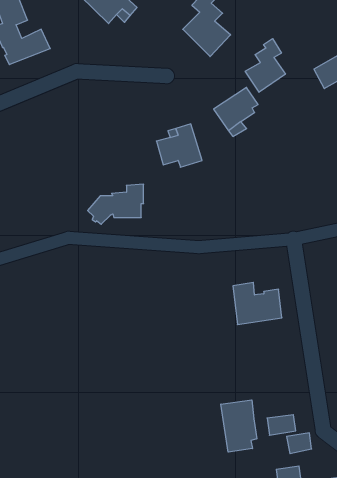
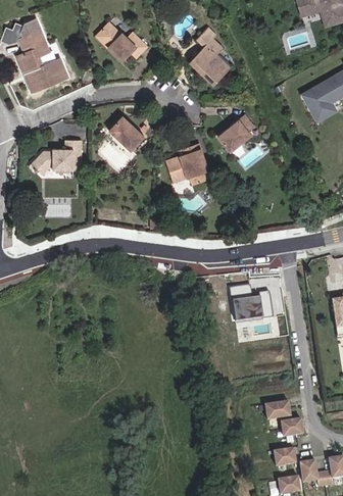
building: [245,39,285,92] -> none
building: none -> [104,111,141,147]
building: [88,184,144,224] -> [30,139,80,175]
building: [221,400,257,452] -> none

